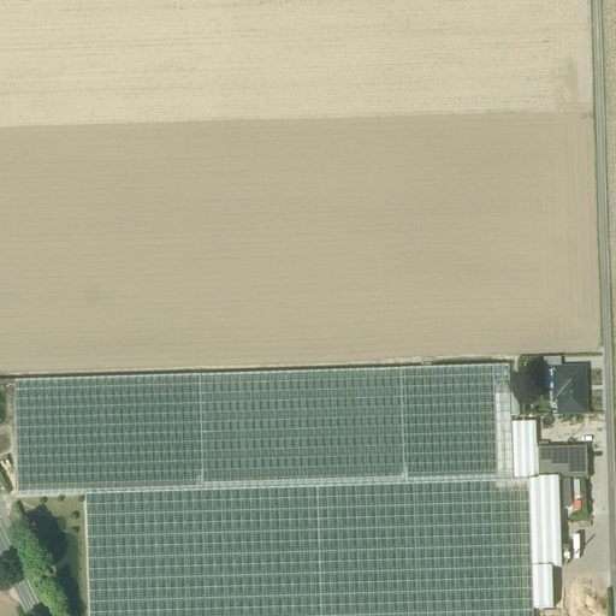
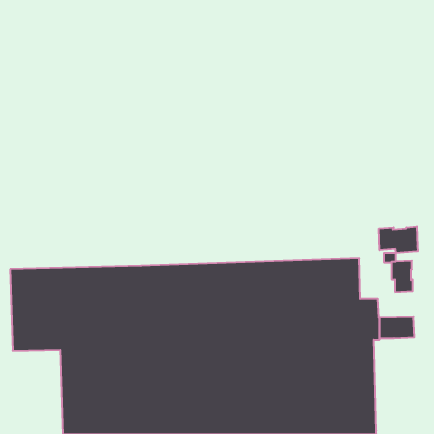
building: none -> [379,226,418,253]
building: [529,479,562,610] -> none

